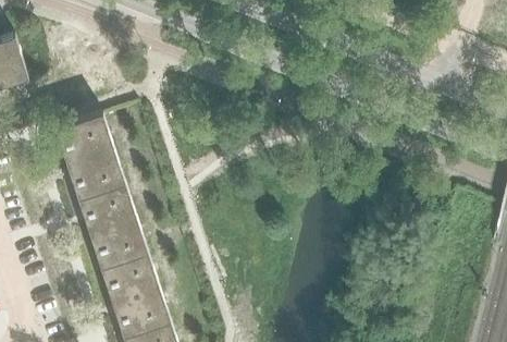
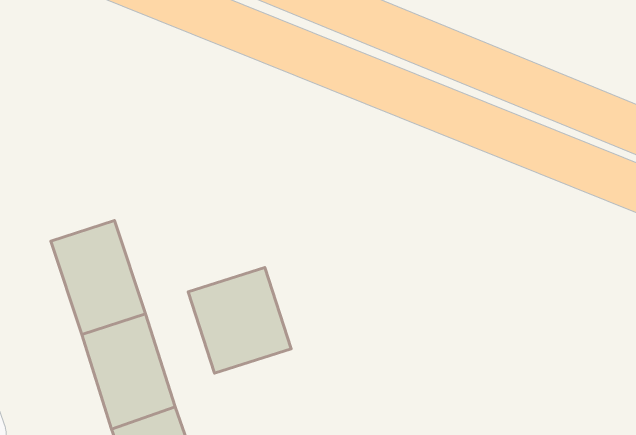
building: [53,109,123,194] -> none
building: none -> [188,267,291,373]

